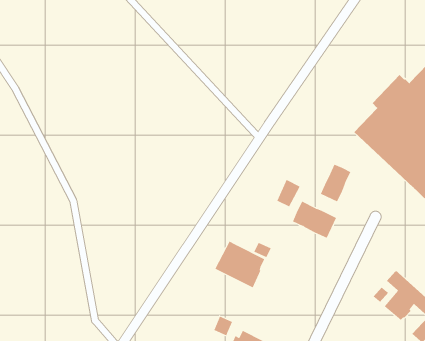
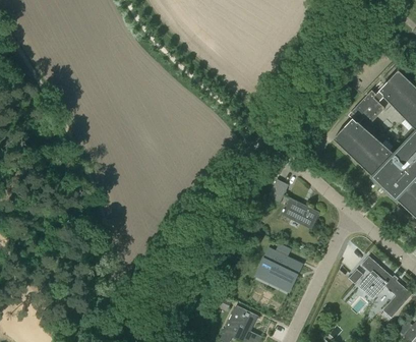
building: [320,164,351,202] -> none
building: [215,241,265,288] -> [257,249,300,289]

